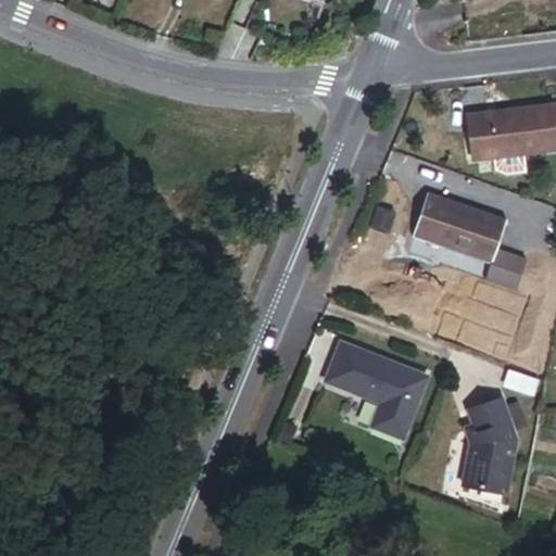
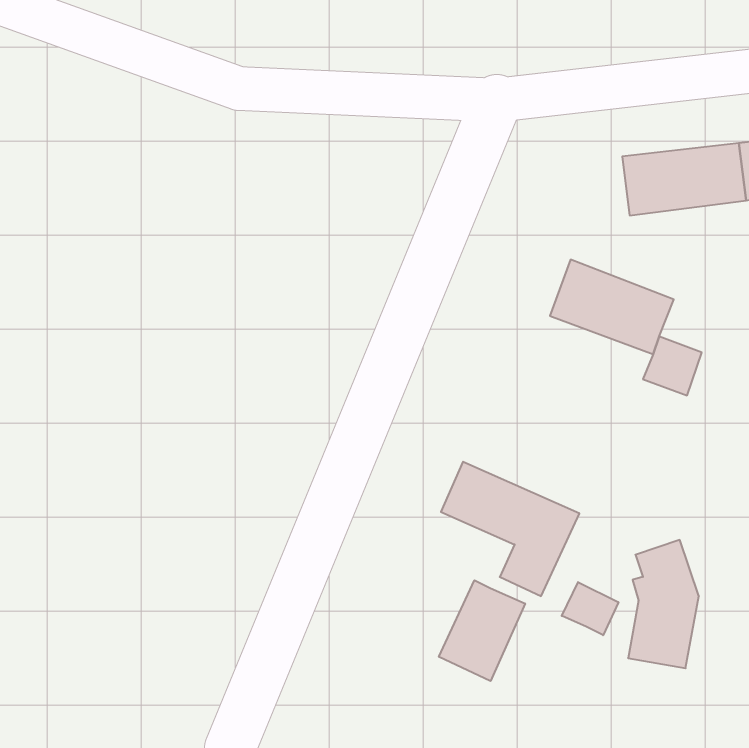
building: none -> [439,580,525,681]
building: none -> [562,582,618,635]

